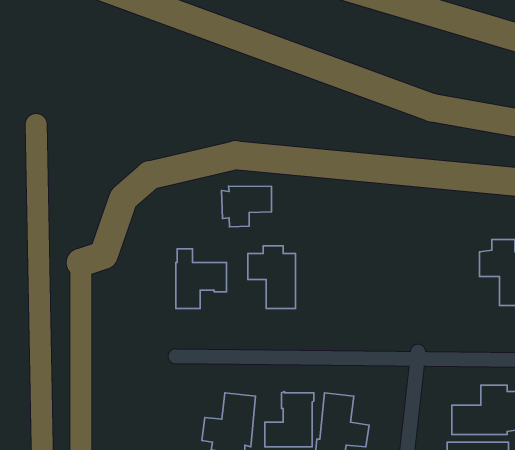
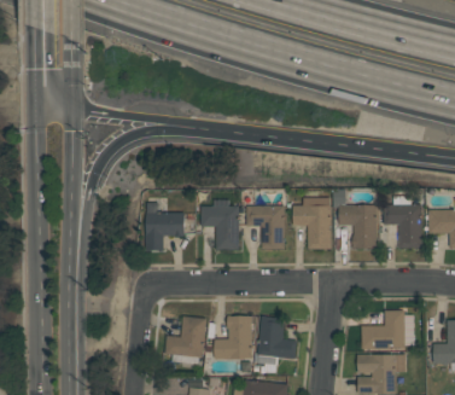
building: [222,186,272,227] -> none
building: none -> [292,198,331,249]
building: none -> [246,205,284,250]
building: none -> [338,205,379,249]

